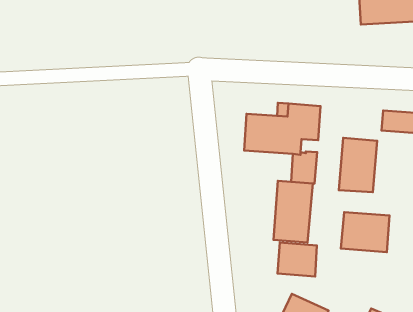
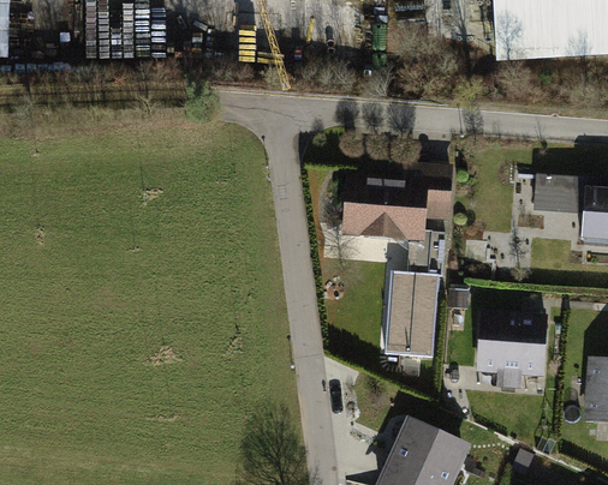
building: [339,138,377,192] -> none
building: [277,243,317,276] -> none

